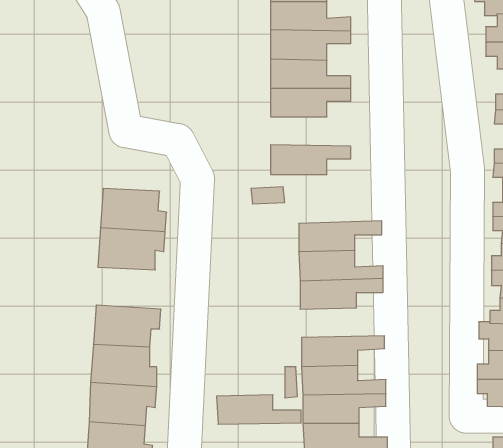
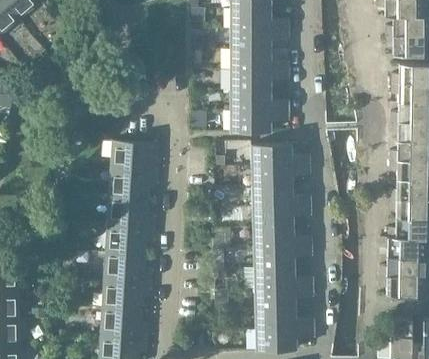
building: none -> [231,89,288,110]
building: none -> [250,142,310,165]
building: none -> [107,196,154,226]
building: [217,395,301,424] -> [252,225,312,246]

